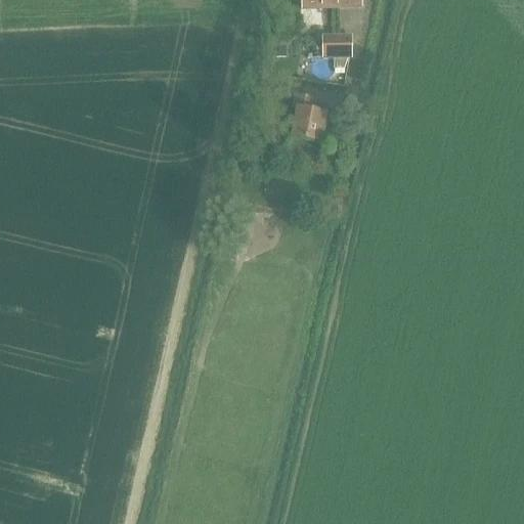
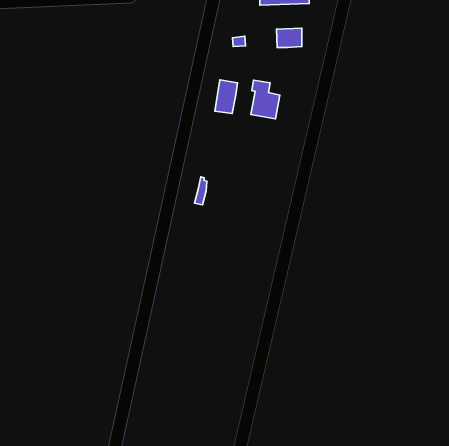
building: none -> [215,80,237,113]

